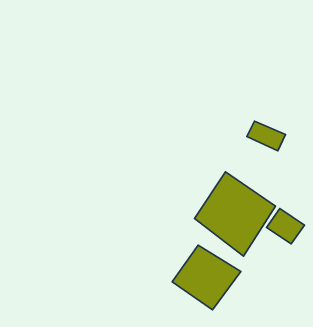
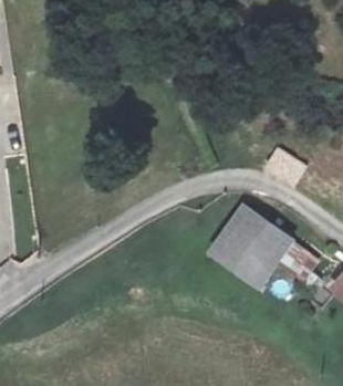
building: [172,245,241,310] -> none

